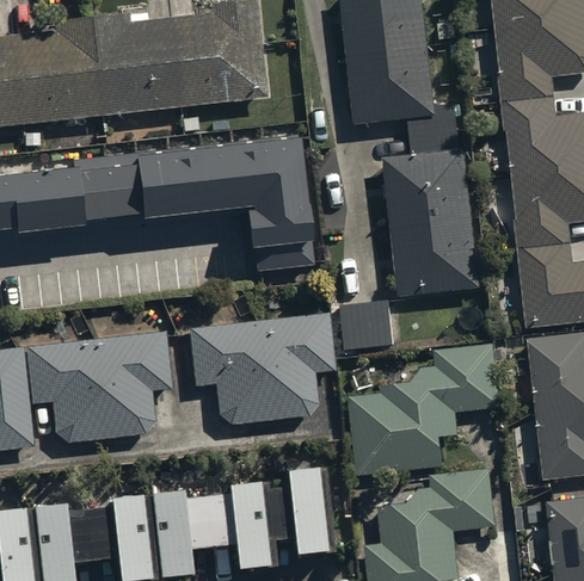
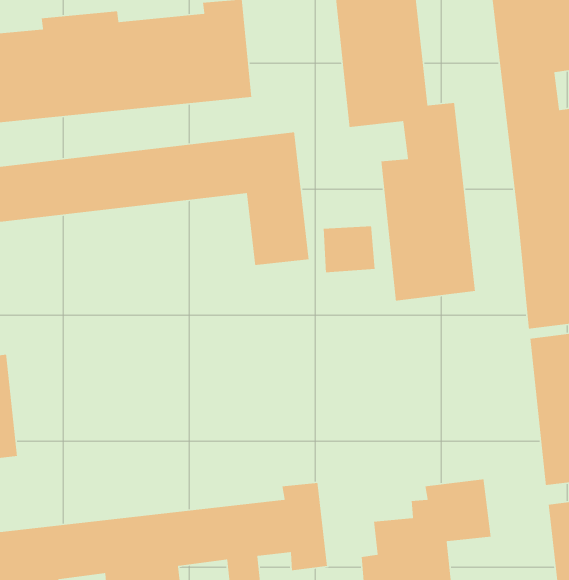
building: [344,298,395,345] -> [323,226,375,273]
building: [186,314,333,426] -> none
building: [23,336,170,447] -> none
building: [349,346,496,476] -> none

